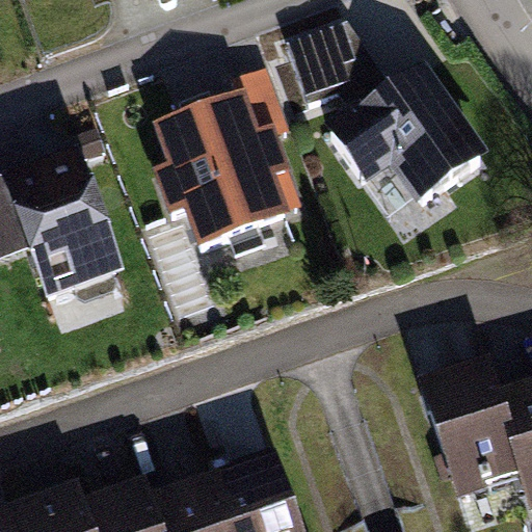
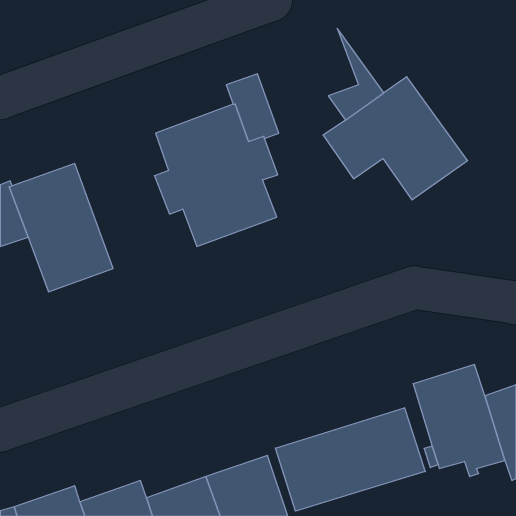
building: [288,29,369,109] -> none
building: none -> [275,408,425,511]

